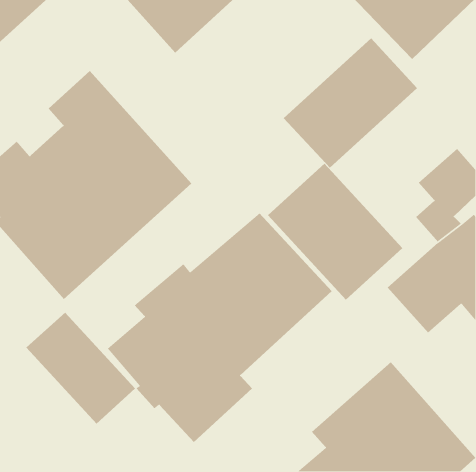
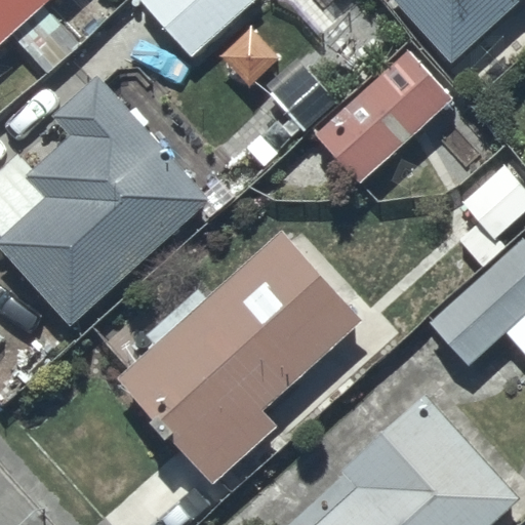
building: [267,163,403,300] -> none
building: [26,312,136,424] -> none

